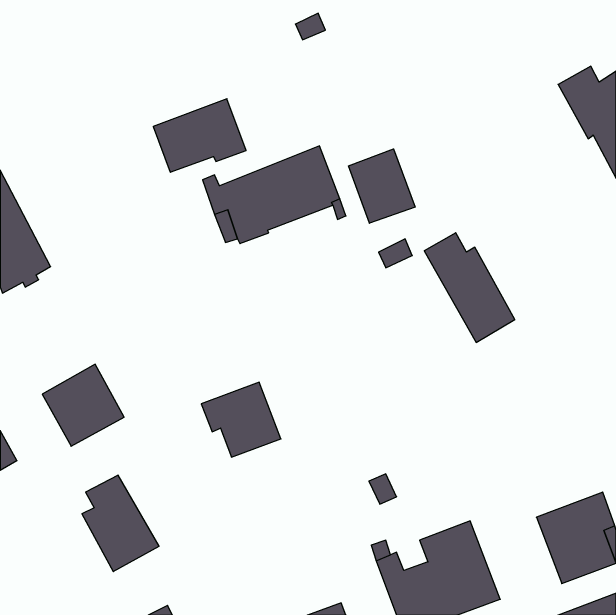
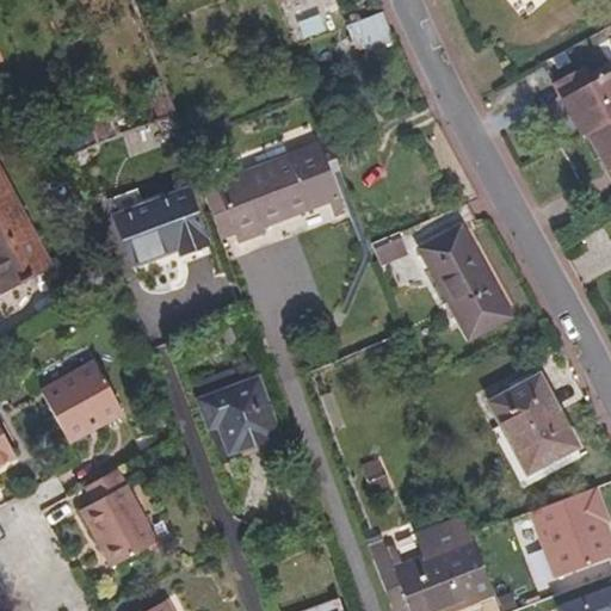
building: none -> [347,12,394,53]
building: [153,99,246,172] -> [115,189,206,261]
building: [348,149,415,223] -> none
building: none -> [489,376,578,473]

